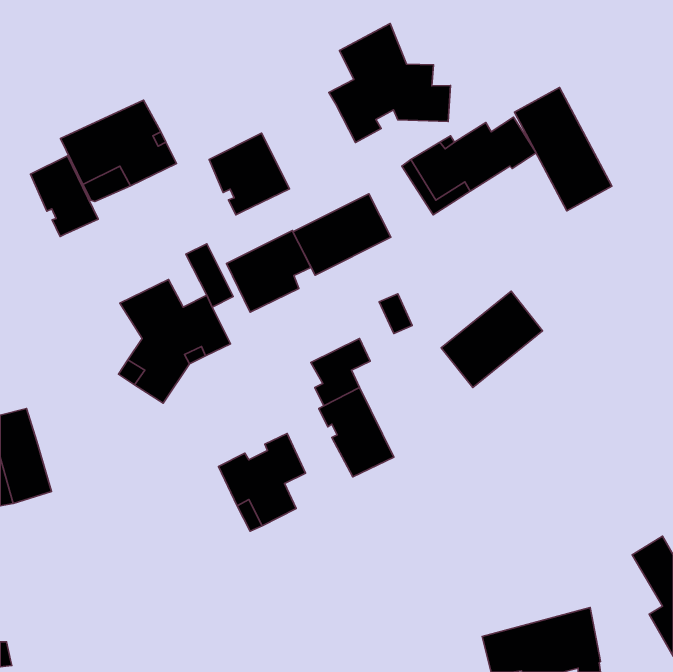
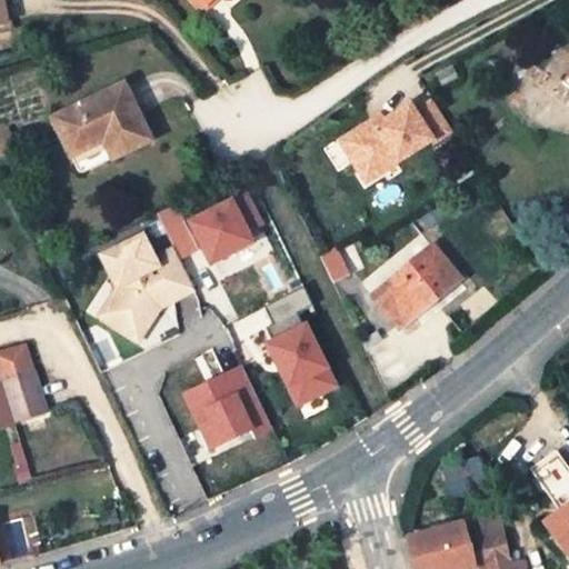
building: [329,23,451,143] -> none
building: [514,87,612,211] -> none
building: [209,133,289,215] -> none
building: [30,156,98,237] -> none
building: [293,194,391,275] -> none

